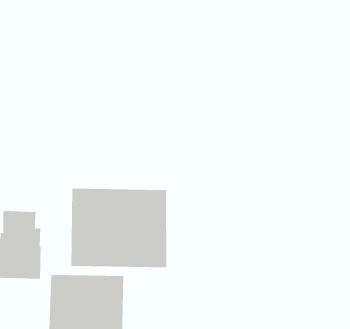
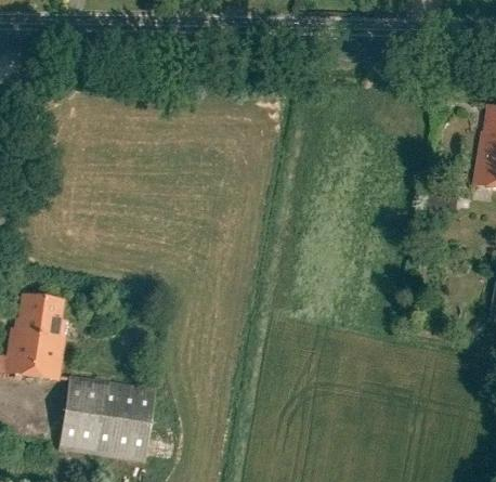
building: [71,188,167,268] -> none

